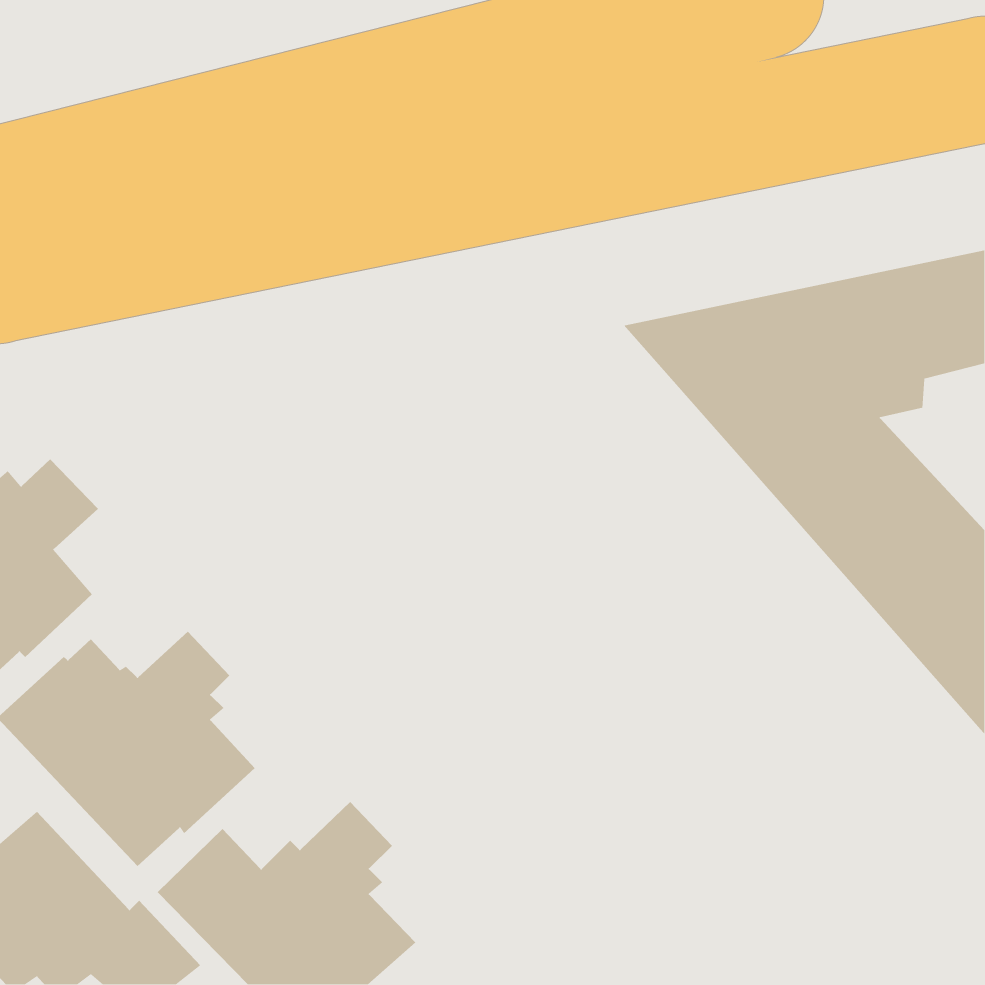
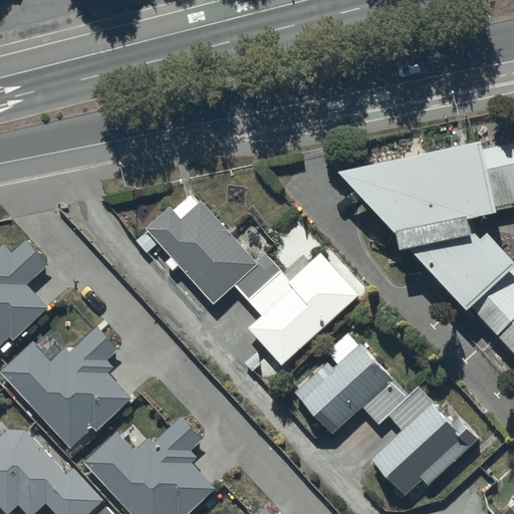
building: none -> [135,202,360,391]
building: none -> [295,333,480,497]

